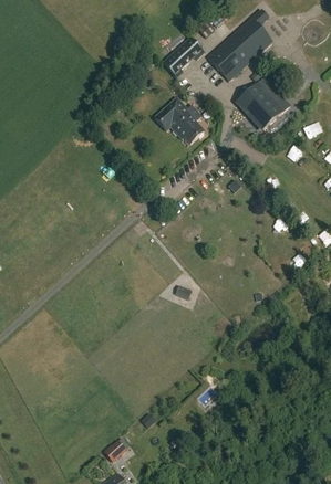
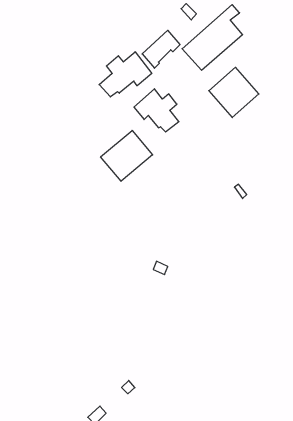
building: none -> [99,52,152,97]
building: none -> [101,130,153,181]

